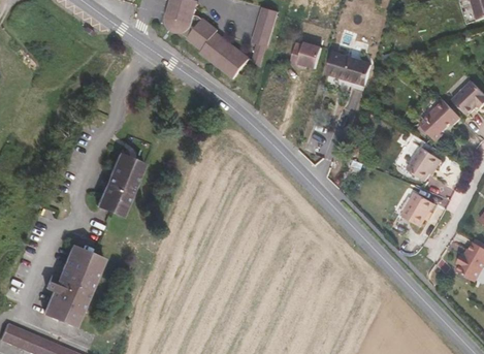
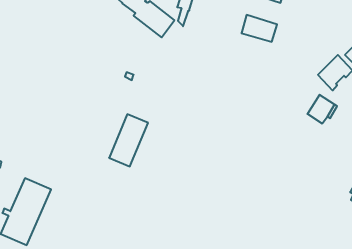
building: [290,41,321,68] -> none
building: [96,153,142,215] -> [109,114,148,166]
building: [400,192,434,227] -> none

